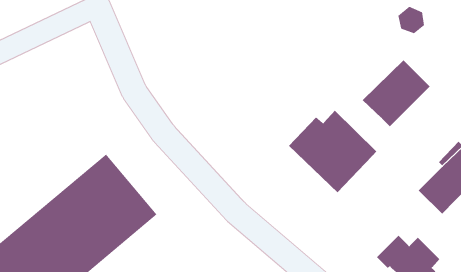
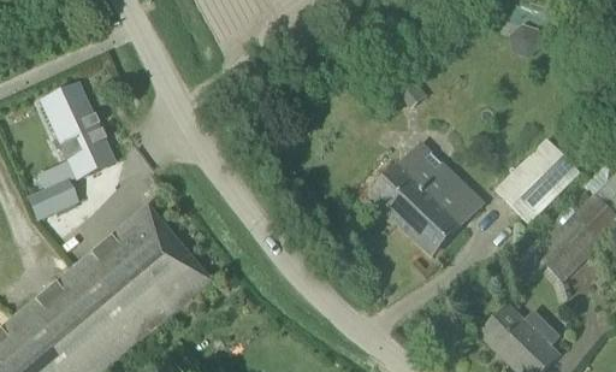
building: none -> [41,83,113,178]
building: [362,59,430,127] -> [494,138,580,223]
building: none -> [26,181,75,218]

